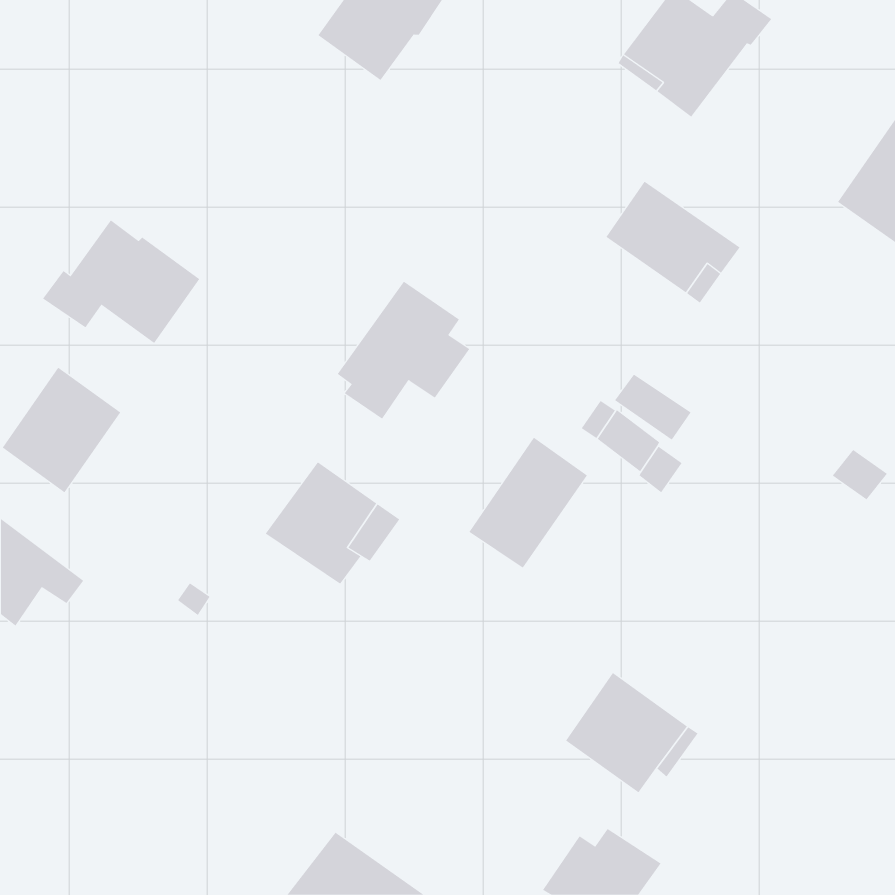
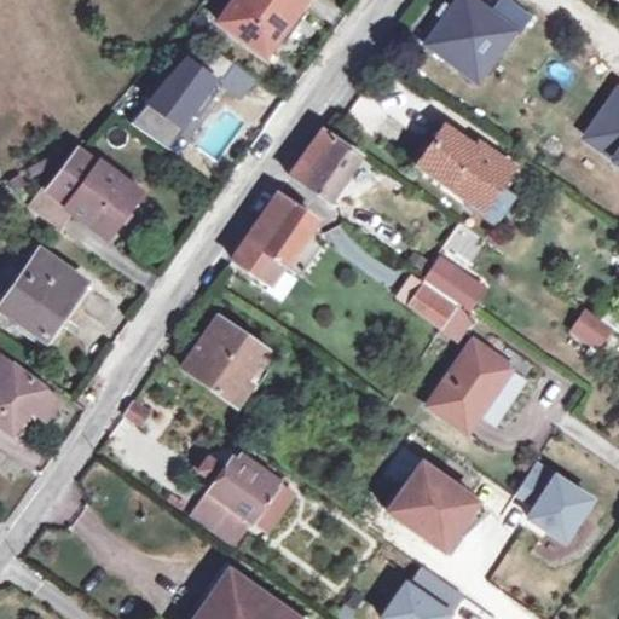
building: none -> [137,47,219,141]
building: none -> [293,129,363,202]
building: [469,437,588,569] -> [428,340,510,430]
building: none -> [191,451,293,543]
building: none -> [515,459,591,538]

